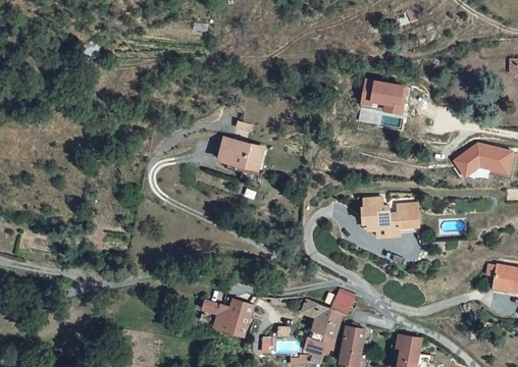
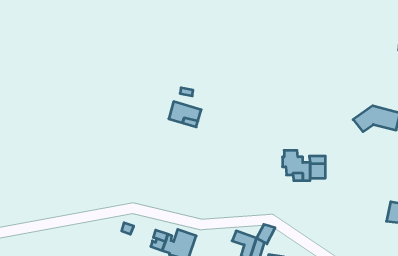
building: [359,78,405,113] -> none

